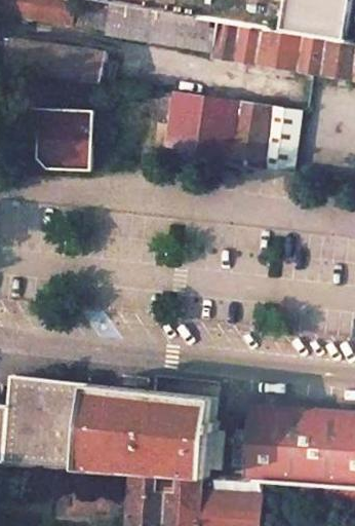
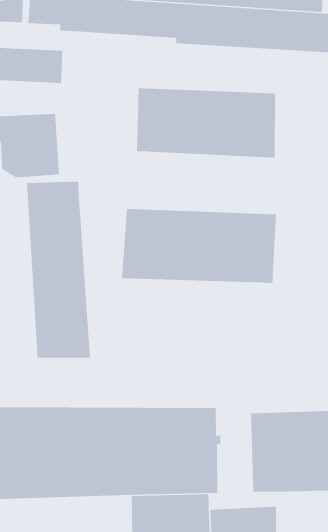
building: none -> [26,181,91,358]
building: none -> [121,208,277,284]

